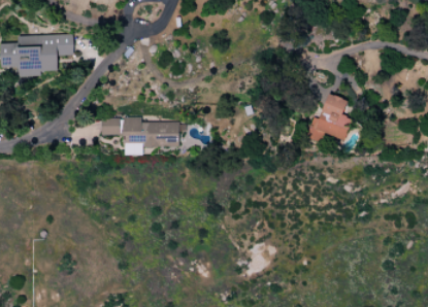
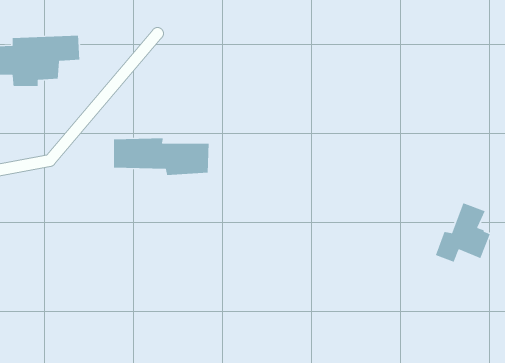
building: [306,94,352,143] -> [435,202,491,263]

